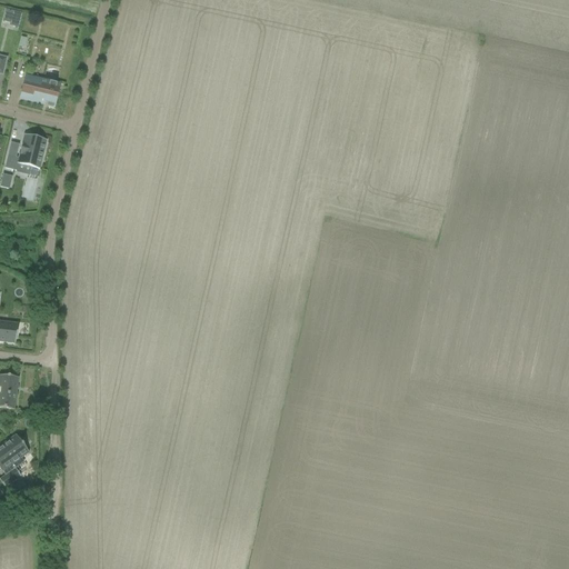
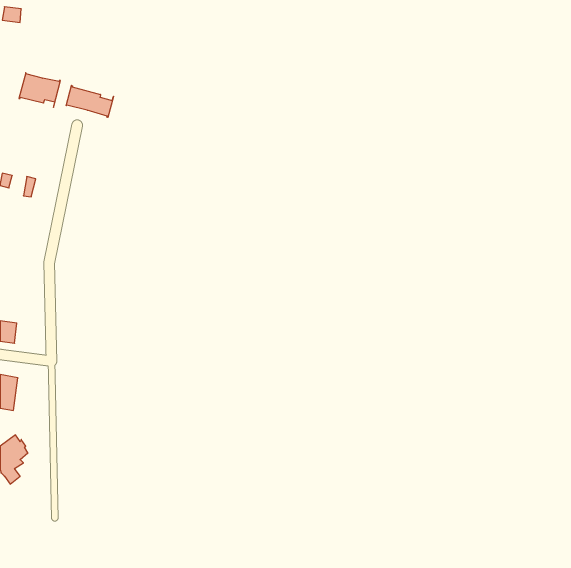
building: none -> [66,85,114,117]
building: [4,132,46,169] -> none

